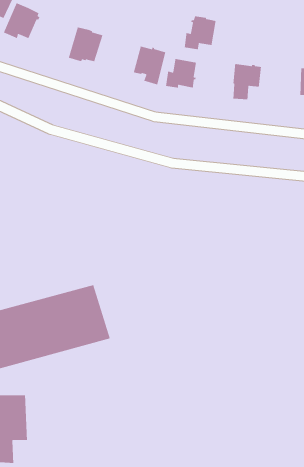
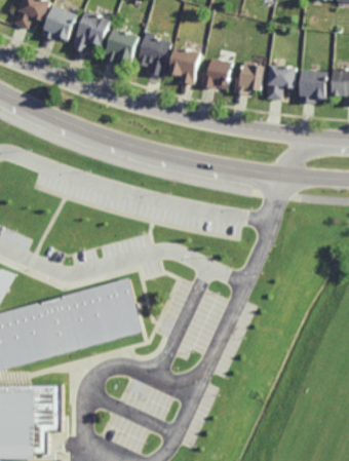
building: none -> [70,9,110,51]
building: [184,15,216,50] -> [230,60,262,93]
building: none -> [134,30,169,76]
building: none -> [297,68,326,102]

